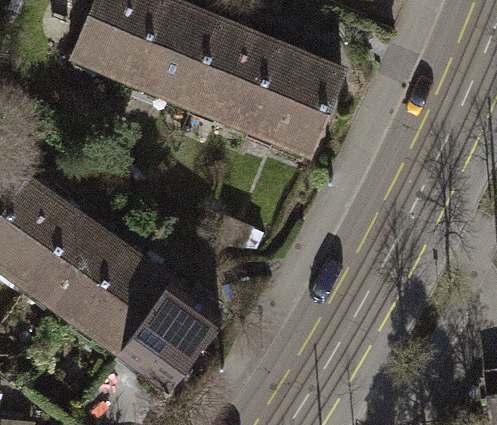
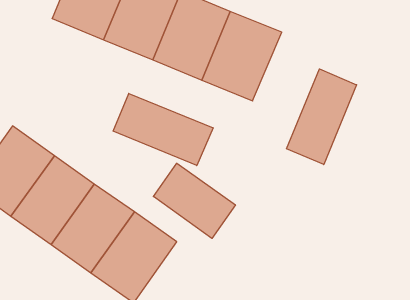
building: none -> [286,69,357,165]
building: none -> [113,93,213,166]
building: none -> [153,163,235,238]

